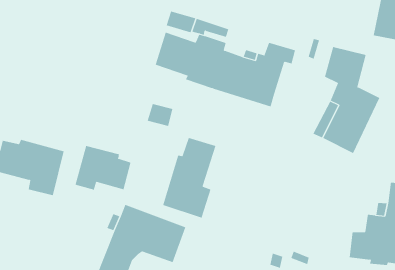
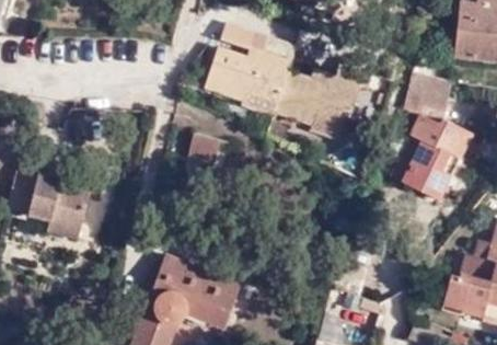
building: [163,137,216,218] -> none
building: [75,145,131,191] -> none

